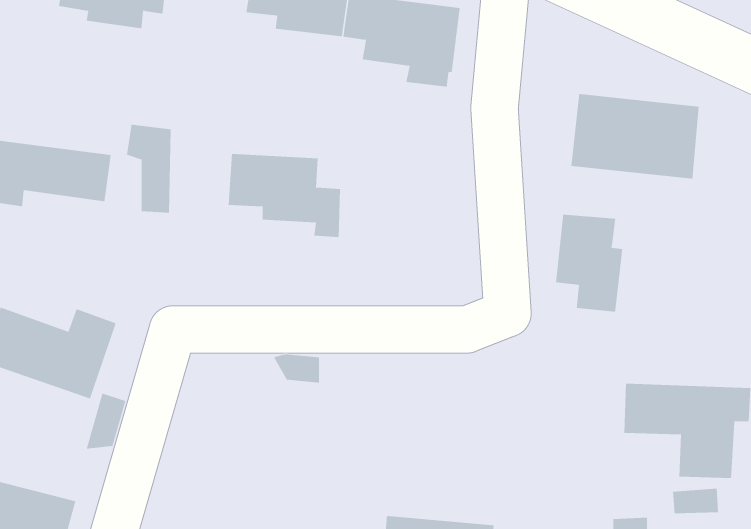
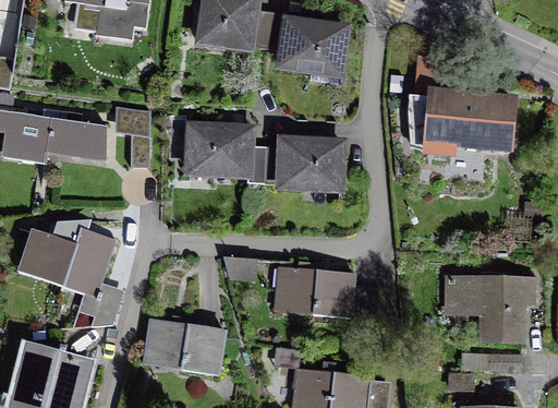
building: none -> [263,140,340,184]
building: [556,214,623,312] -> none
building: none -> [275,269,353,314]
building: none -> [146,320,222,371]

